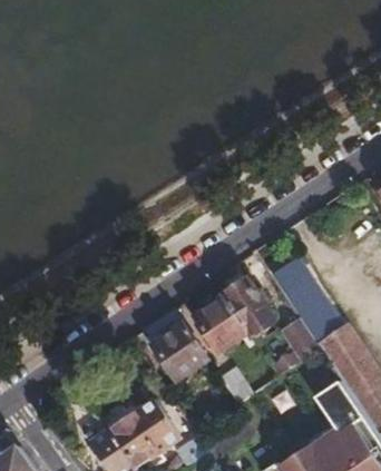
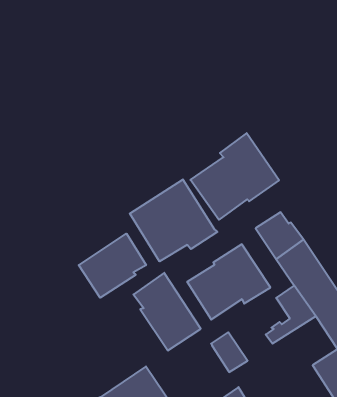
building: none -> [190,133,279,220]
building: none -> [130,179,217,261]
building: none -> [79,234,146,298]

